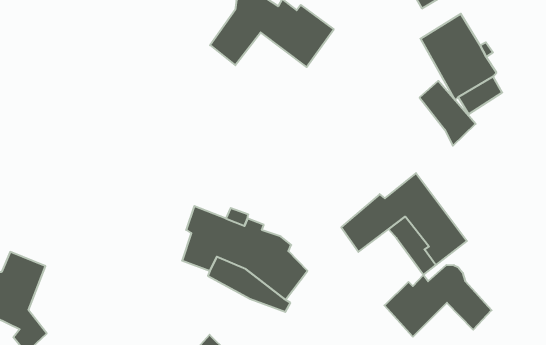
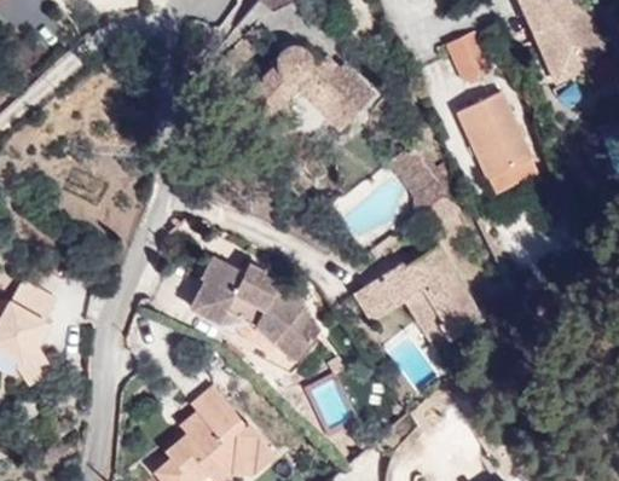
building: [420,81,476,146] -> [389,149,442,215]
building: [384,265,492,337] -> none

